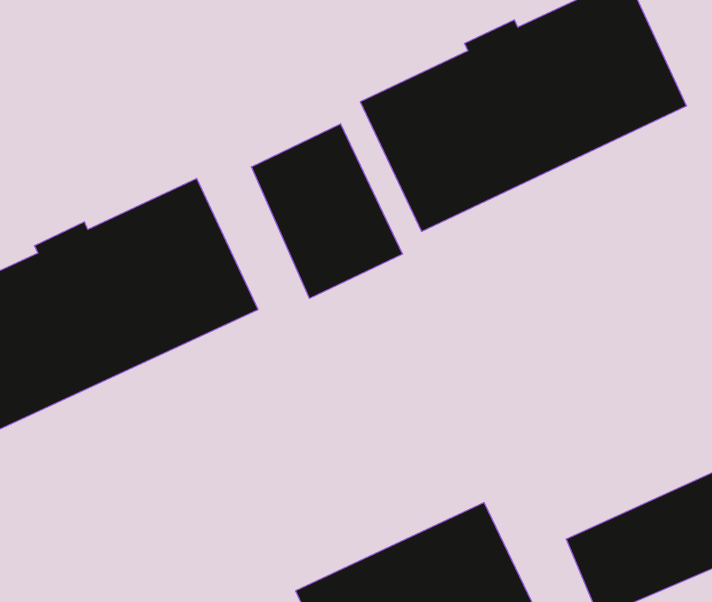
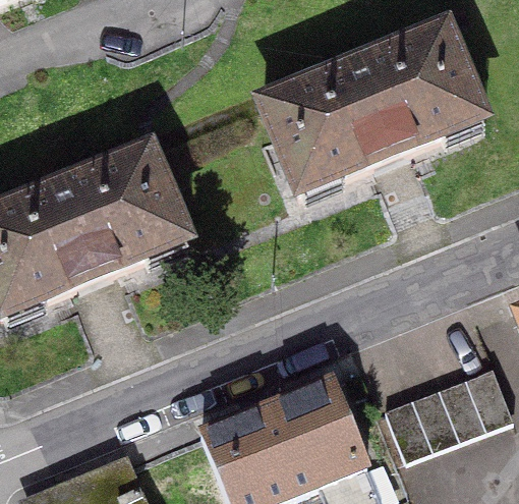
building: [251,124,402,298] -> none

